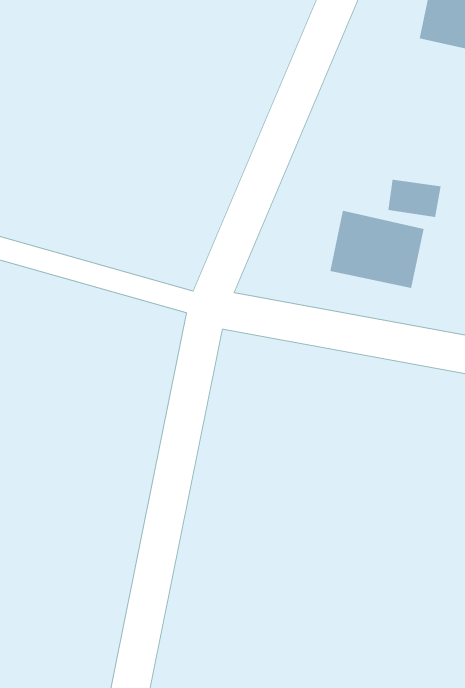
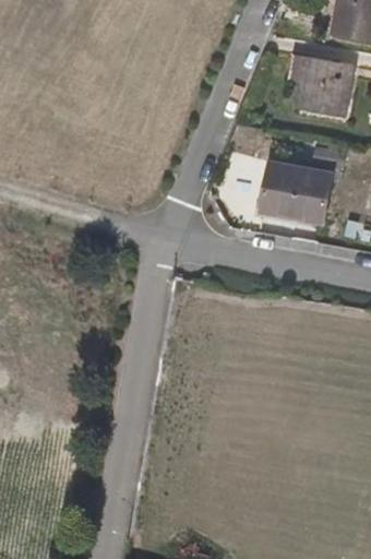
building: none -> [283,49,354,117]

